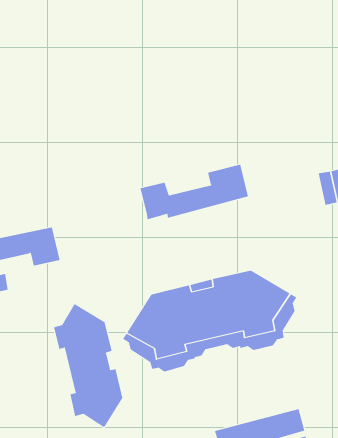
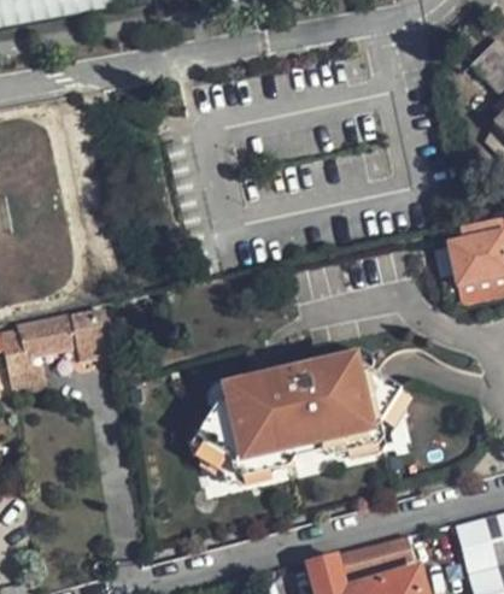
building: [140,164,248,220] -> none
building: [53,303,123,428] -> none

